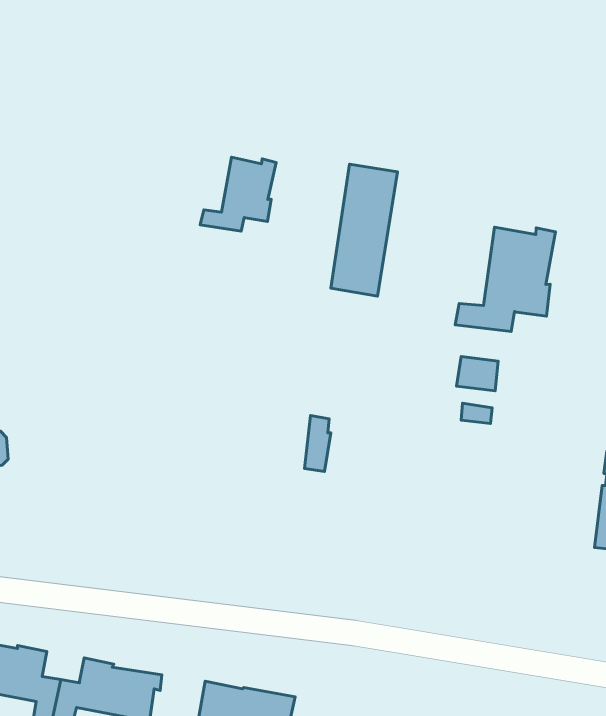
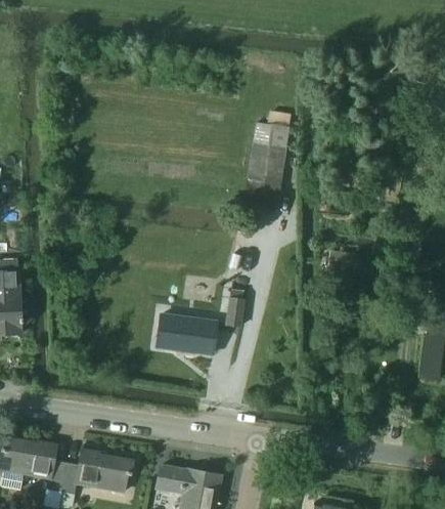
building: [200,157,276,231] -> none
building: [455,227,556,331] -> none
building: none -> [157,314,217,354]

